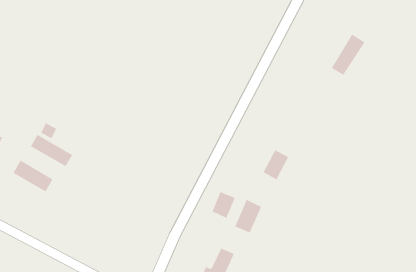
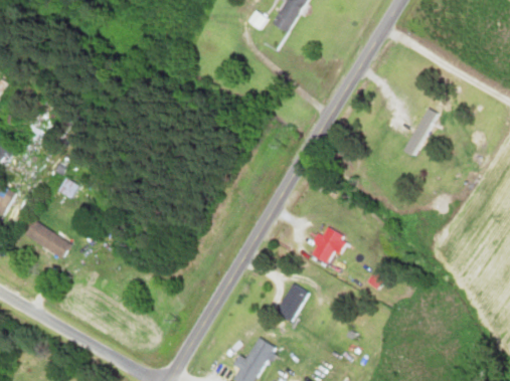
building: [30,134,73,167] -> none
building: [211,191,236,219] -> none

